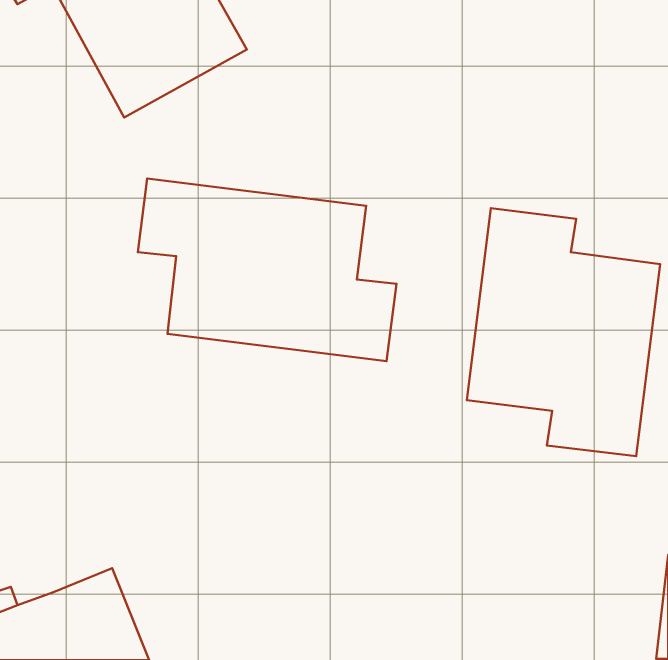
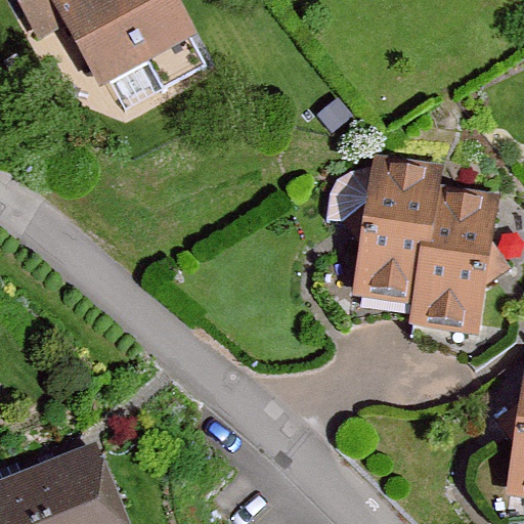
building: [138,178,397,361] -> none

